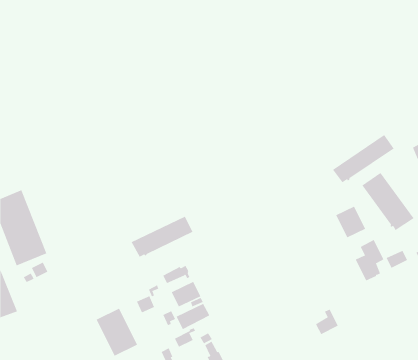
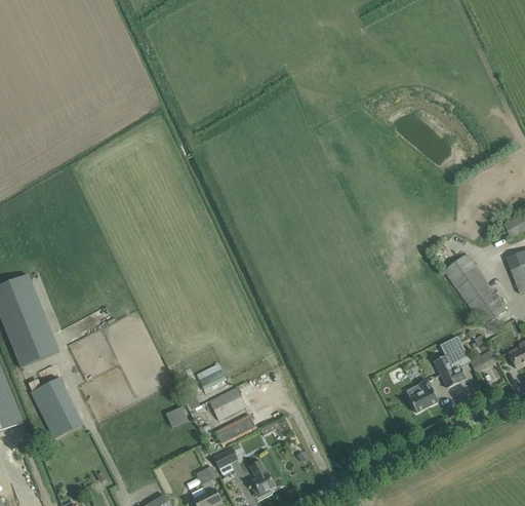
building: [332,134,394,183] -> none
building: [336,206,366,238] -> none
building: [131,216,193,258] -> none
building: [96,308,138,357] -> [31,377,82,436]
building: [315,309,339,335] -> [409,379,438,411]

